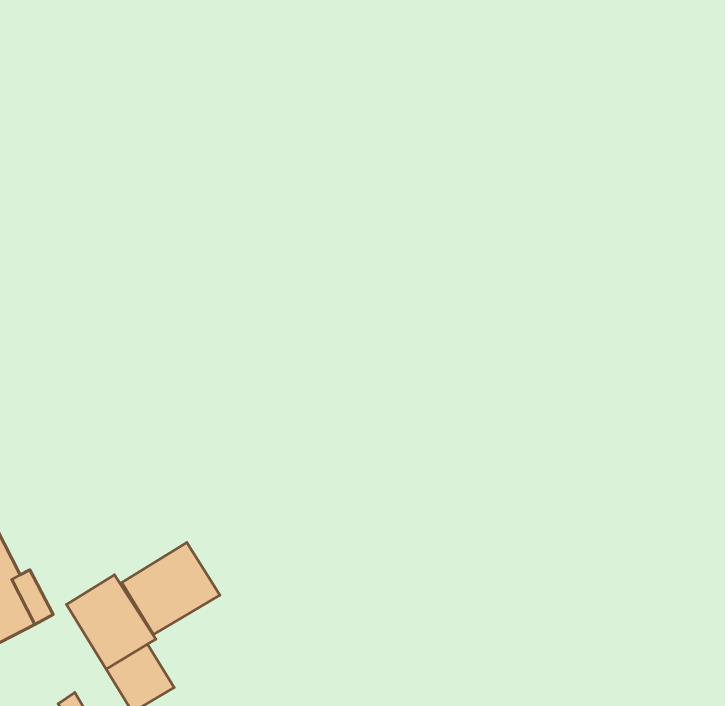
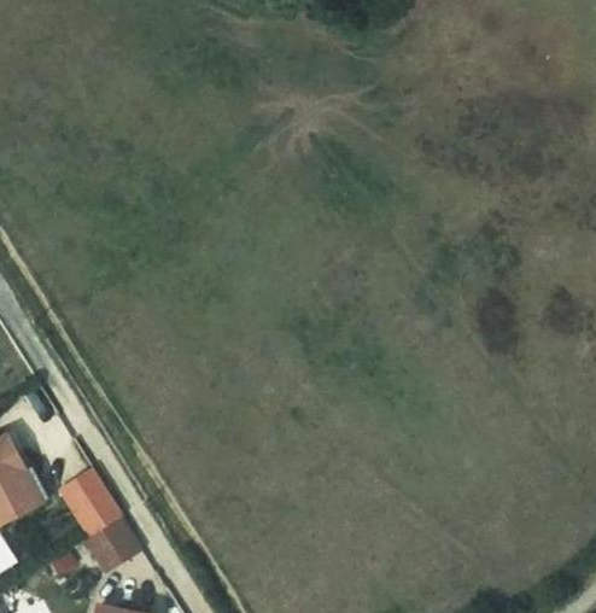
building: [122,543,220,634] -> none

